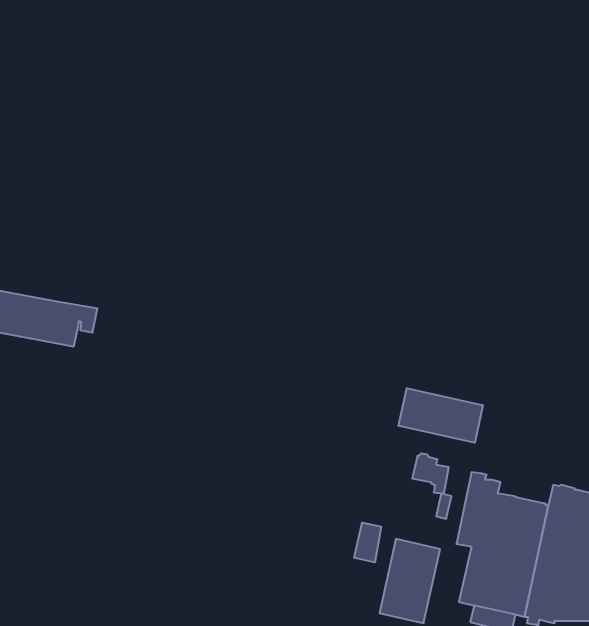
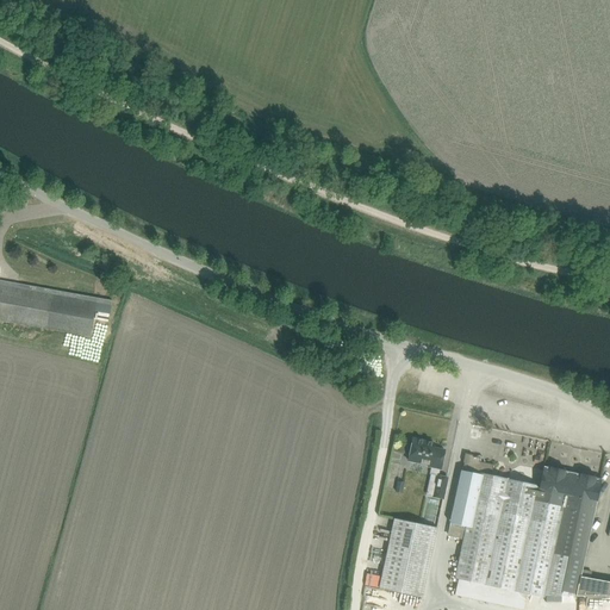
building: [399,388,483,443] -> none
building: [354,523,381,562] -> none

